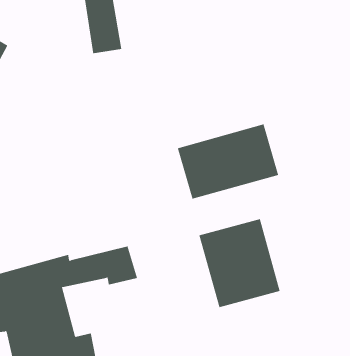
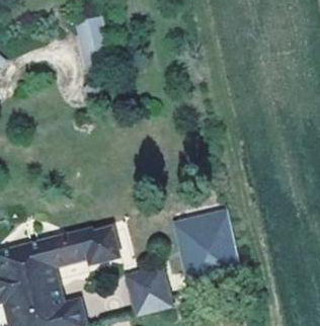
building: [177,124,279,200] -> none
building: none -> [133,270,173,314]

